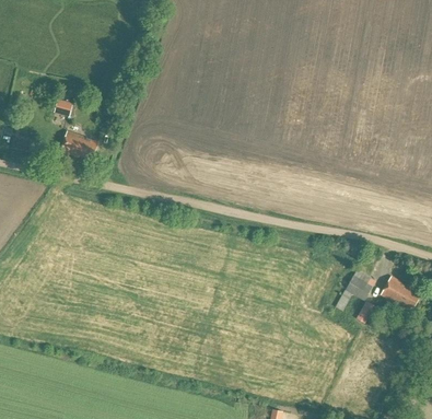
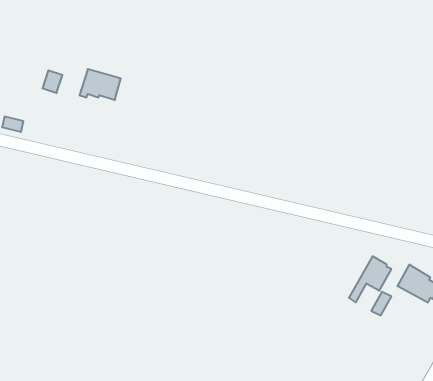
building: [60,131,98,160] -> [79,69,121,100]

